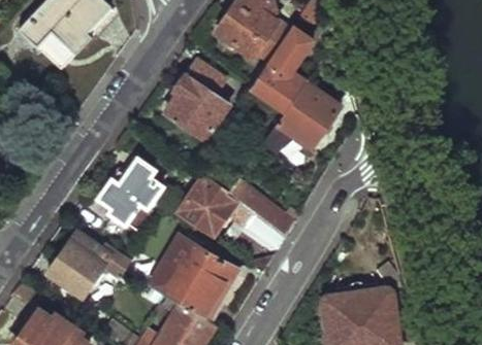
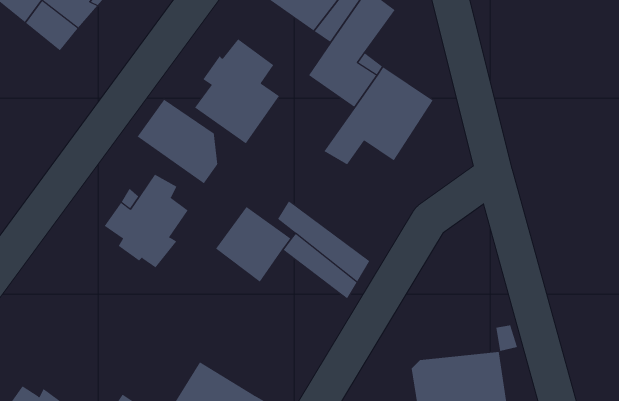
building: none -> [137,99,218,184]
building: [53,231,132,296] -> none
building: [151,241,237,321] -> none

